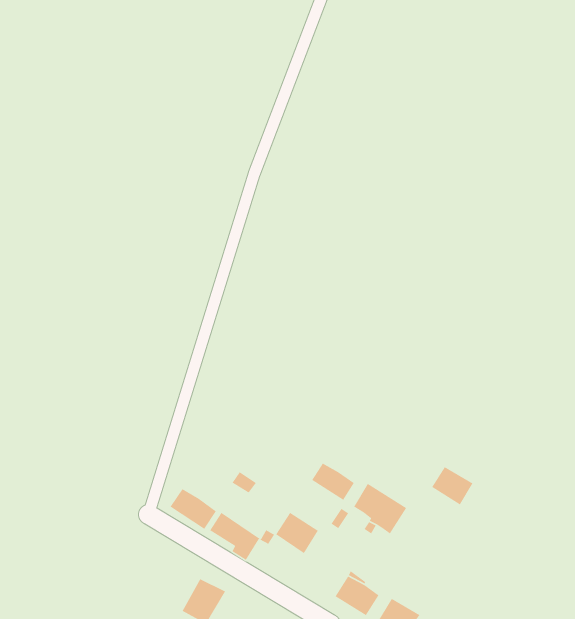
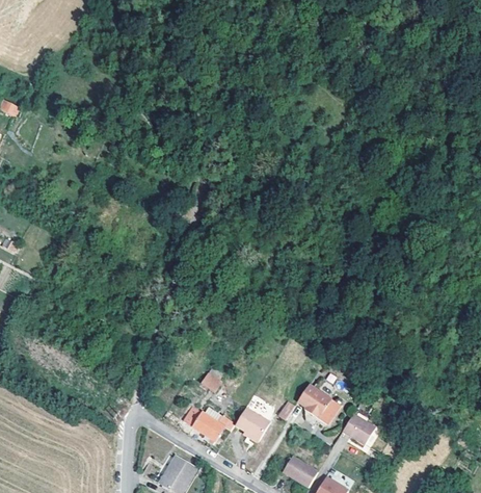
building: [311,462,355,501] -> none
building: [431,466,473,506] -> [344,411,377,442]
building: [170,488,217,530] -> none

